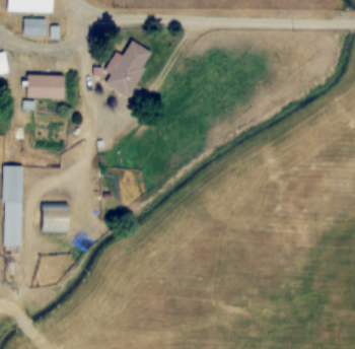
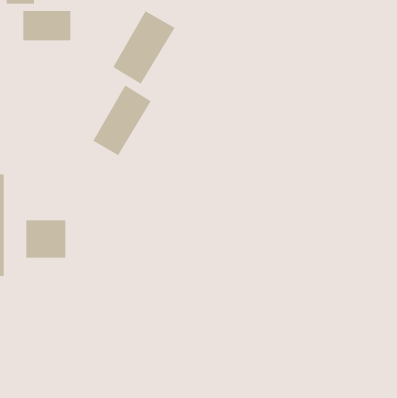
building: [26,75,64,98] -> [23,11,71,41]
building: none -> [93,85,151,156]

